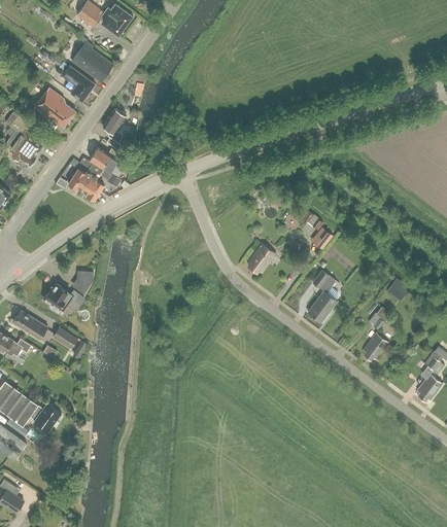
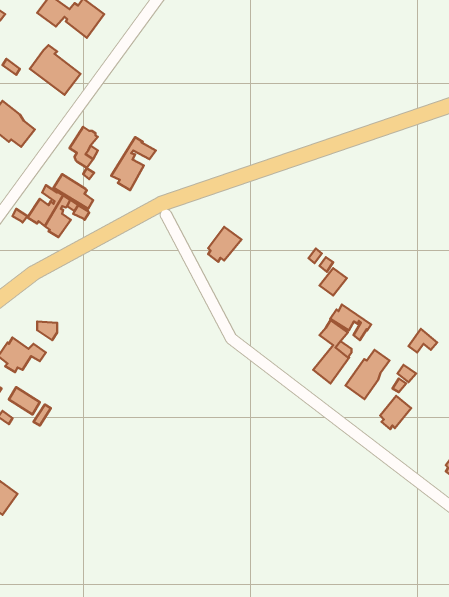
building: [61,65,95,100] -> none
building: none -> [111,137,156,190]
building: [247,244,275,273] -> [208,227,242,262]
building: none -> [330,304,371,340]
building: none -> [345,350,389,399]

